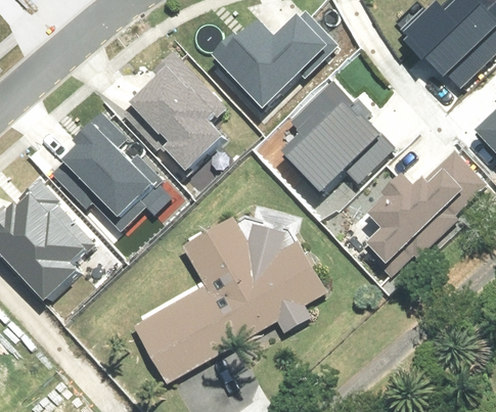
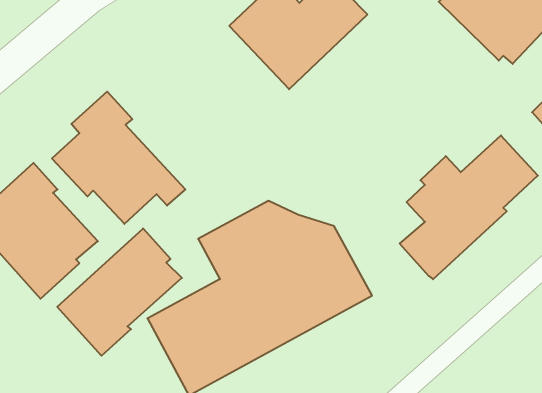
building: [121,54,223,170] -> none
building: [278,76,395,191] -> none
building: none -> [57,228,182,356]

